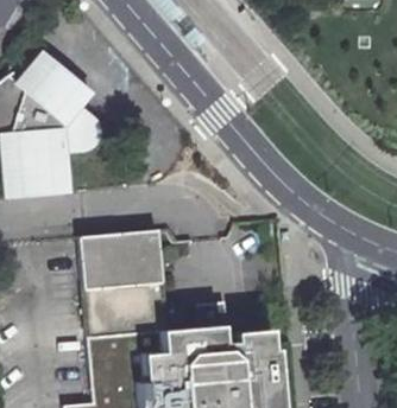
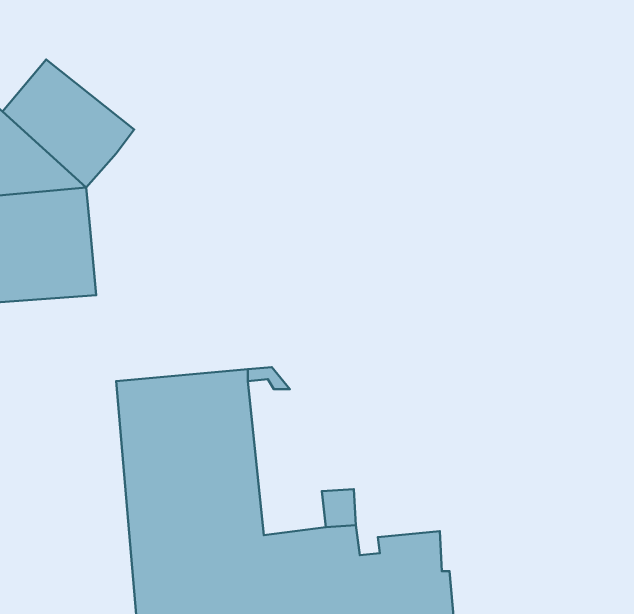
building: [64,106,101,151] -> none

